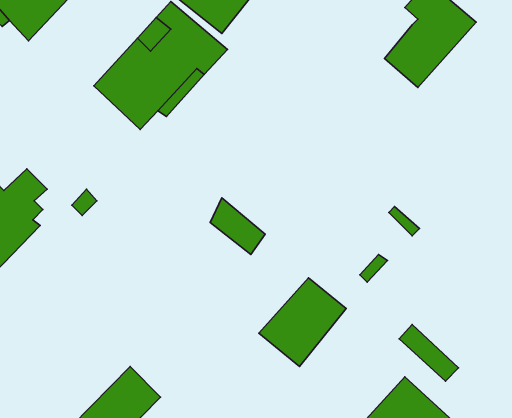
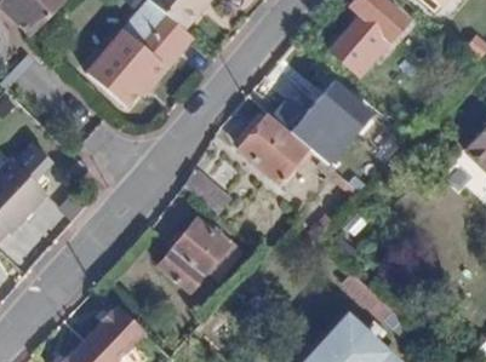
building: none -> [302,77,372,156]
building: none -> [239,113,307,179]
building: [259,278,346,367] -> [155,217,228,291]

